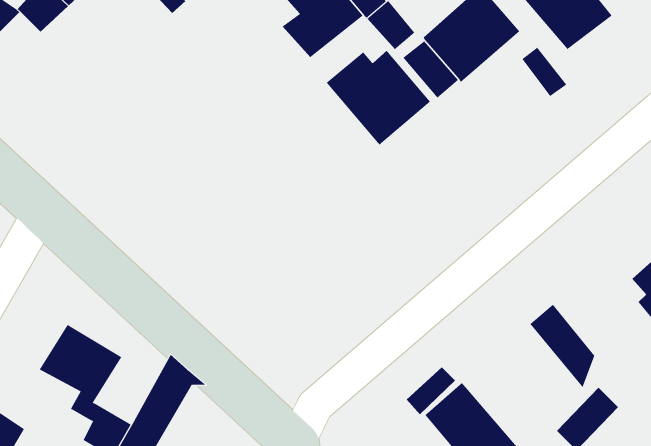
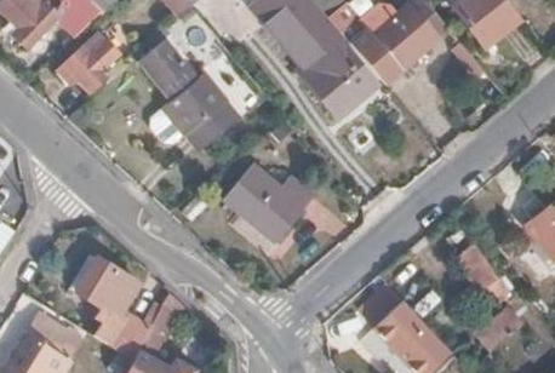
building: none -> [58,31,119,92]
building: none -> [141,40,239,149]
building: none -> [225,165,314,241]

